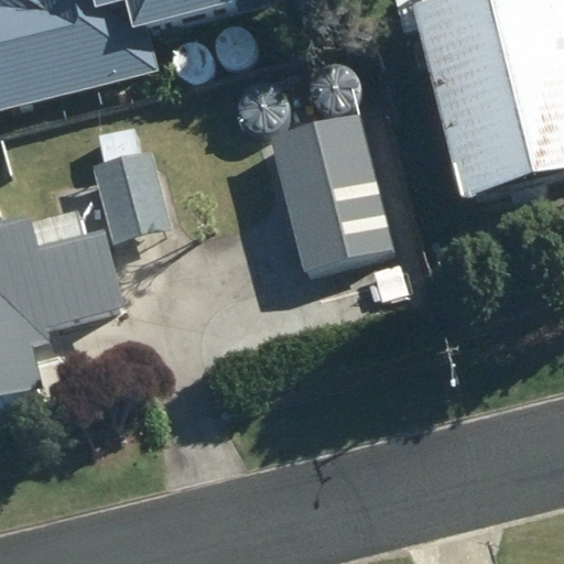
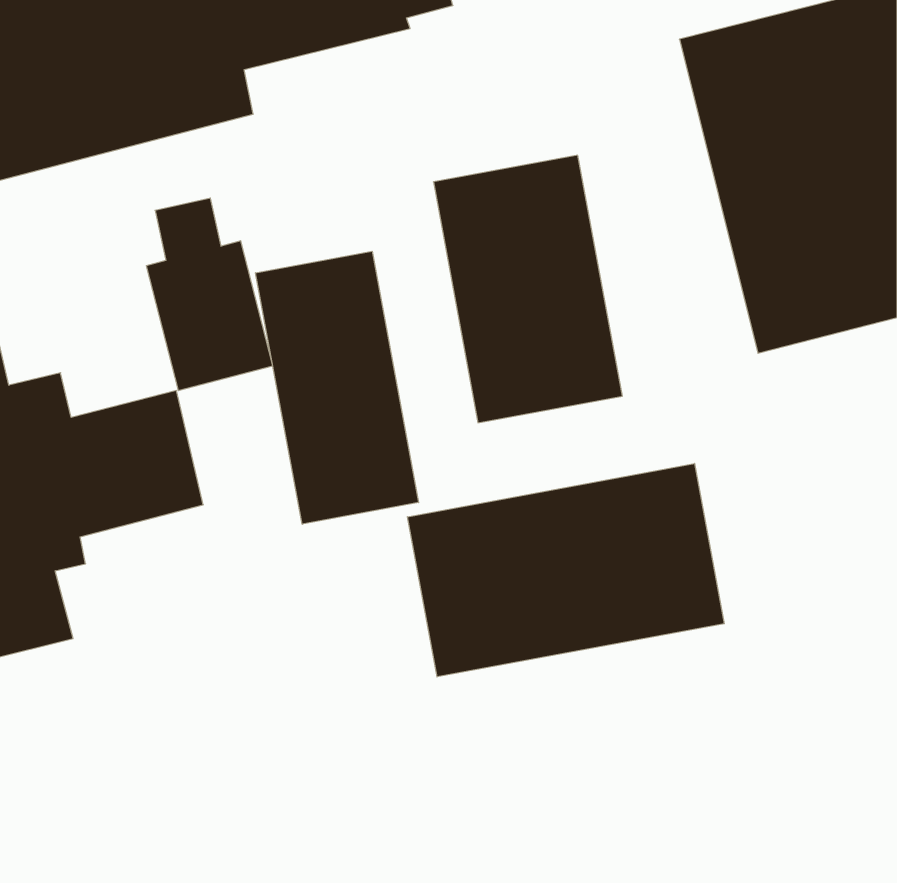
building: none -> [256,251,419,524]
building: none -> [407,463,724,677]

